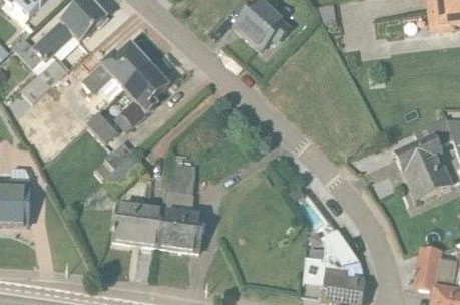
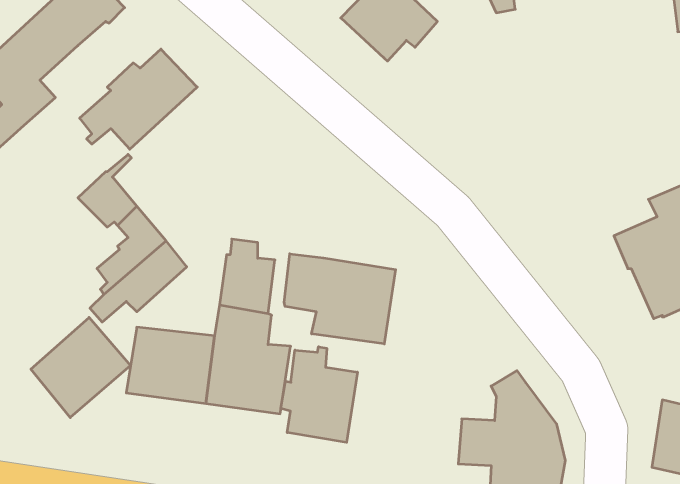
building: [113,63,169,131] -> none
building: none -> [284,254,396,344]
building: none -> [31,317,131,418]
building: none -> [281,347,357,442]

